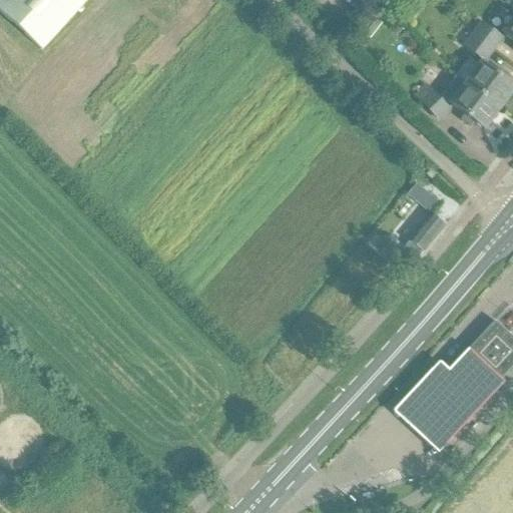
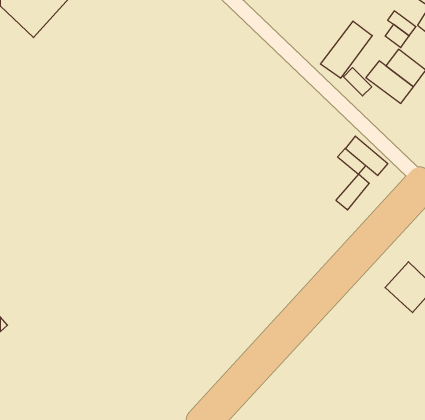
building: none -> [320,21,372,78]
building: none -> [346,136,388,176]
building: [398,355,502,453] -> none

